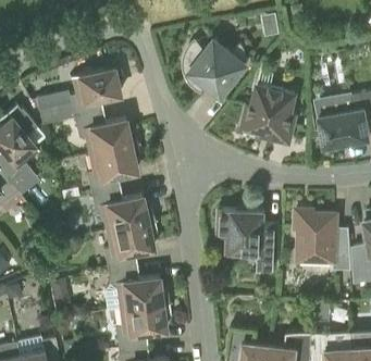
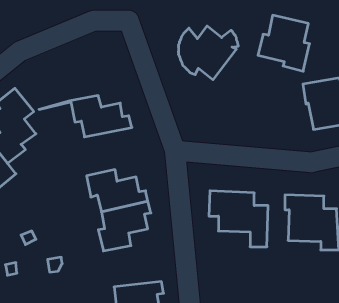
building: [38,66,124,126] -> none
building: [243,87,296,145] -> [258,15,310,71]
building: [87,145,140,195] -> none
building: [104,266,169,311] -> none

